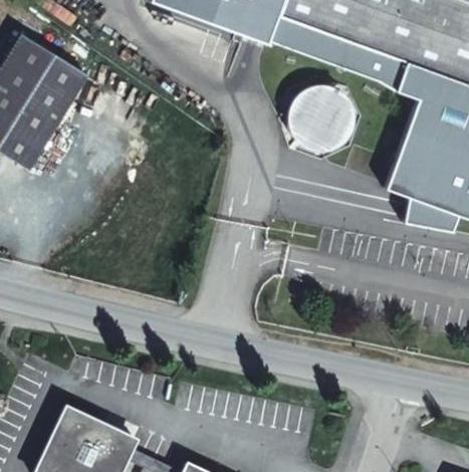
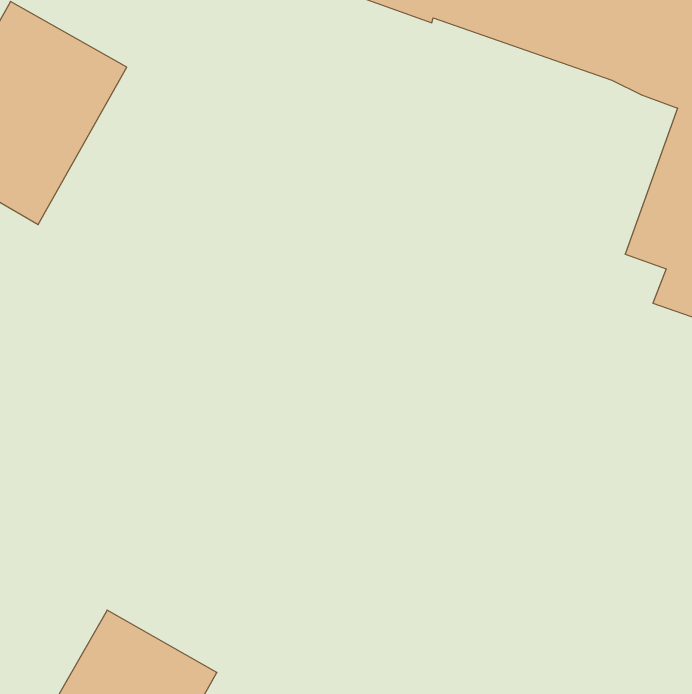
building: [287,82,354,149] -> none

